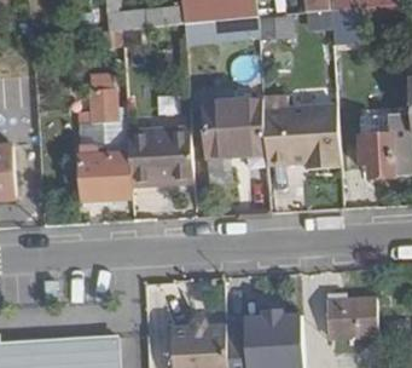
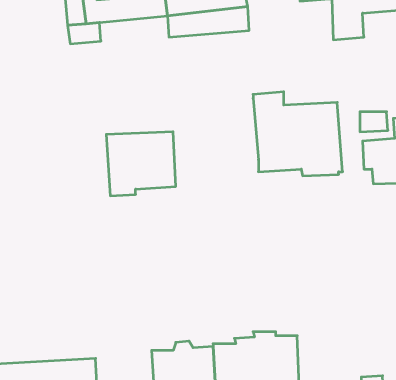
building: [80,73,133,201] -> none
building: [203,98,266,157] -> none
building: [326,297,377,338] -> none

